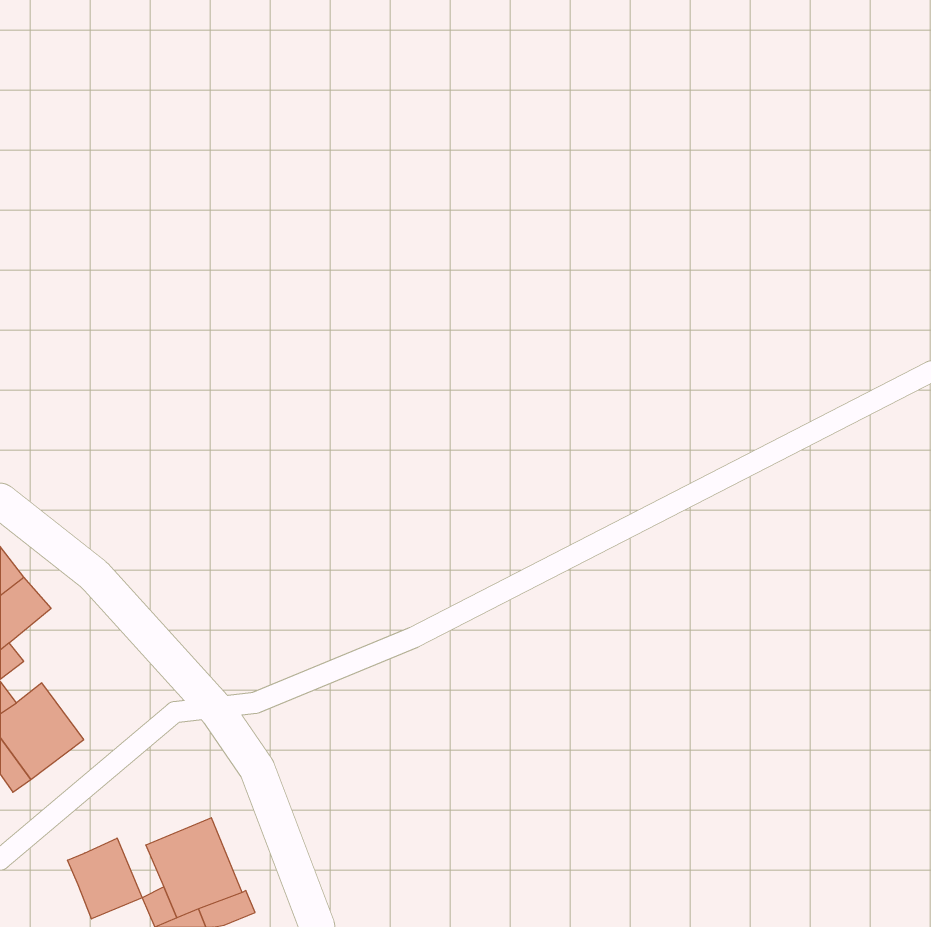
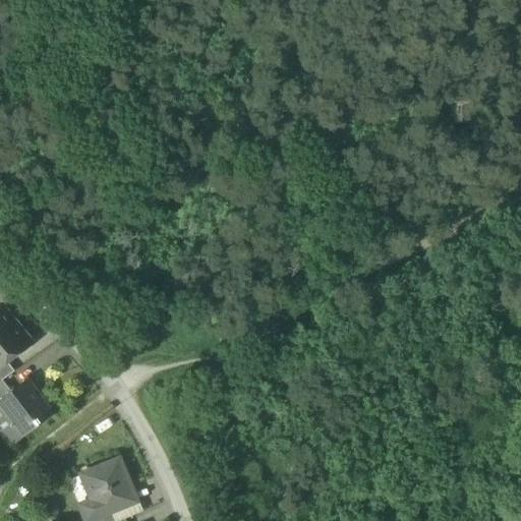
building: [68,838,142,919] -> none

